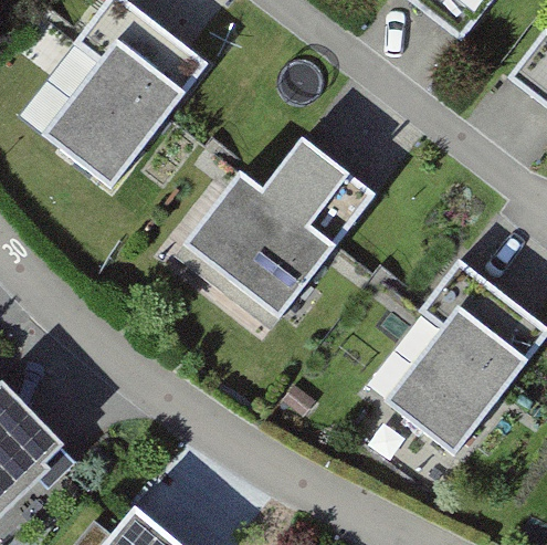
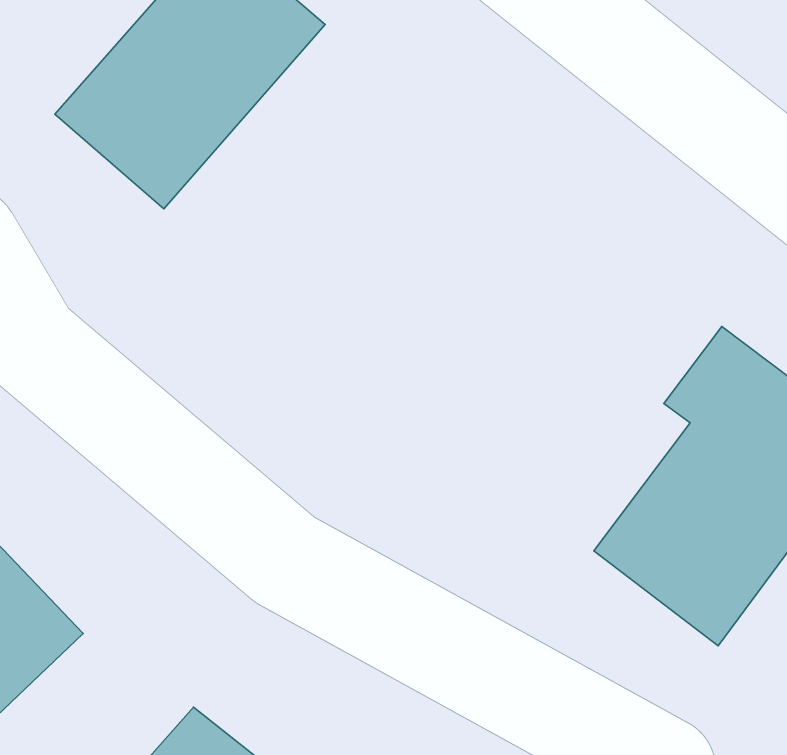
building: [185,144,379,322] -> none

